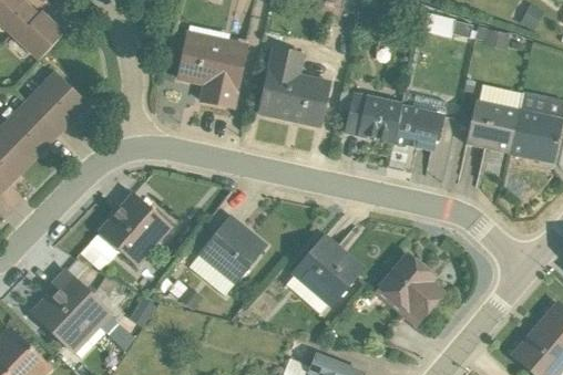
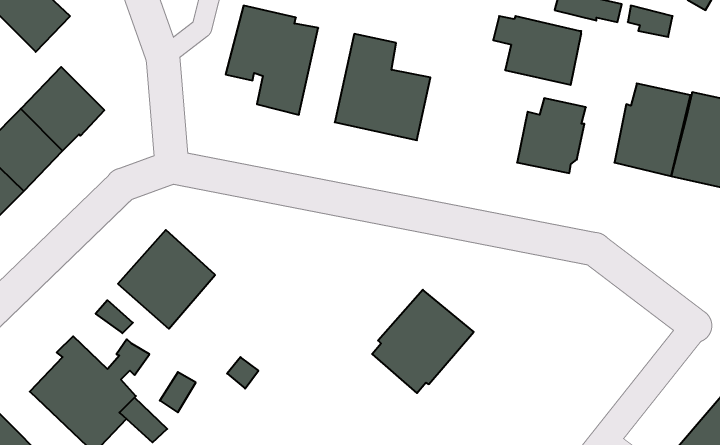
building: [336,91,401,142] -> [493,16,581,85]
building: [188,213,266,294] -> none
building: [375,253,442,324] -> none

